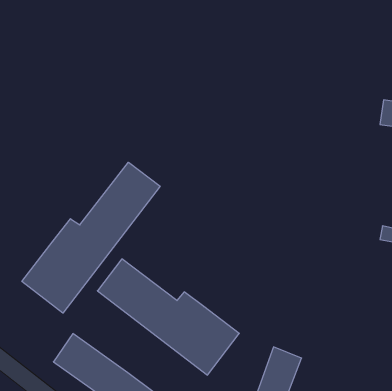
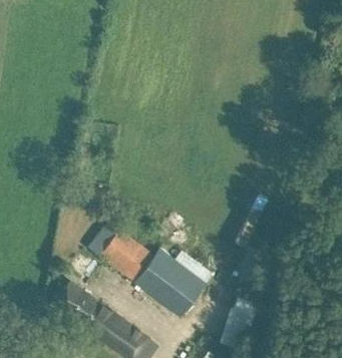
building: [22,162,160,313] -> none

